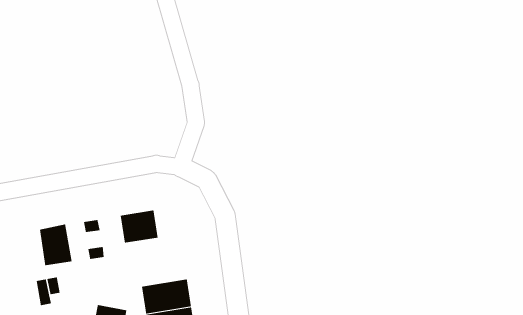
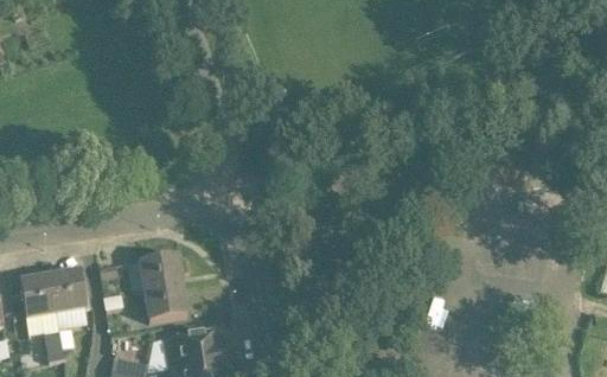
building: none -> [19,275,56,320]
building: none -> [143,285,186,320]

